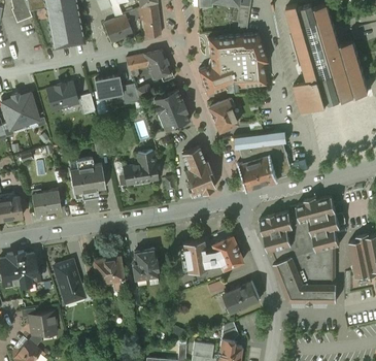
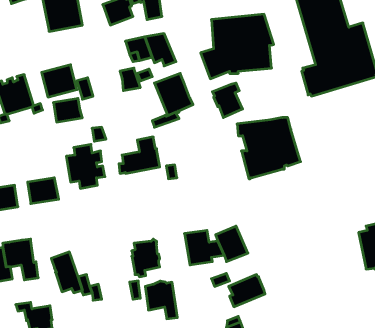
building: [95,76,123,99] -> [53,98,82,122]
building: [182,147,214,197] -> none
building: [260,196,341,304] -> none
building: [94,255,125,291] -> [145,281,177,319]

